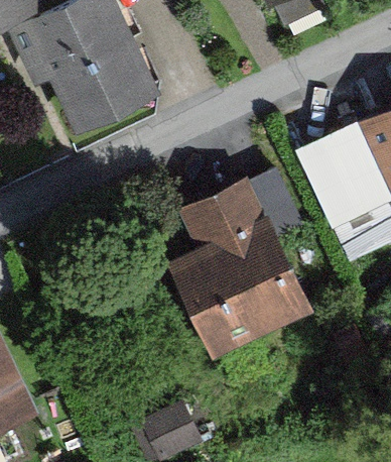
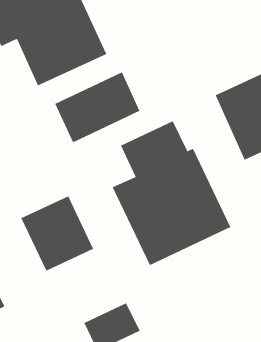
building: none -> [55,72,140,143]
building: none -> [21,195,94,272]

